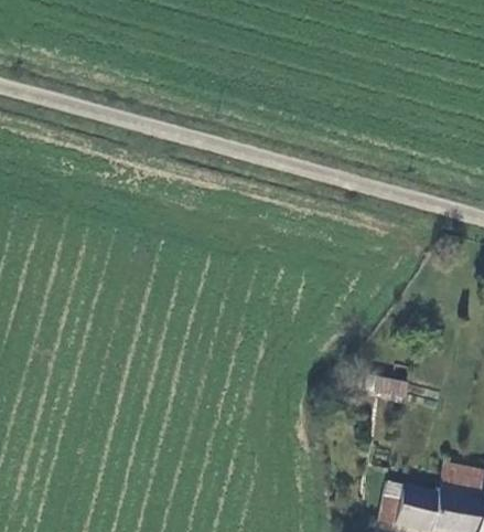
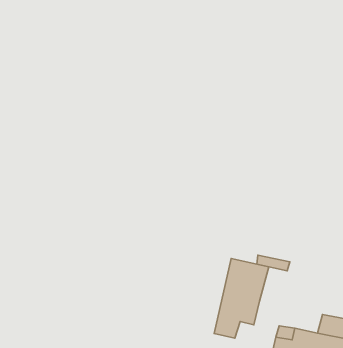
building: none -> [214,259,269,338]

